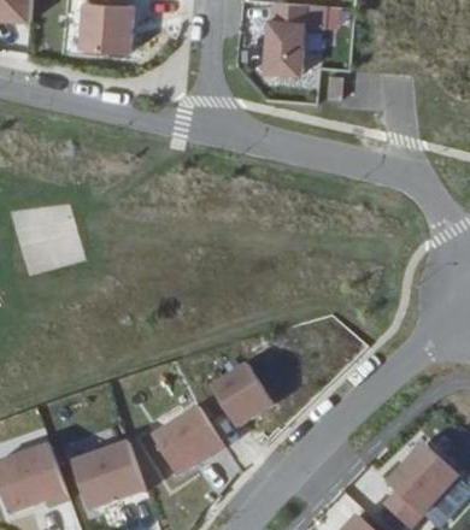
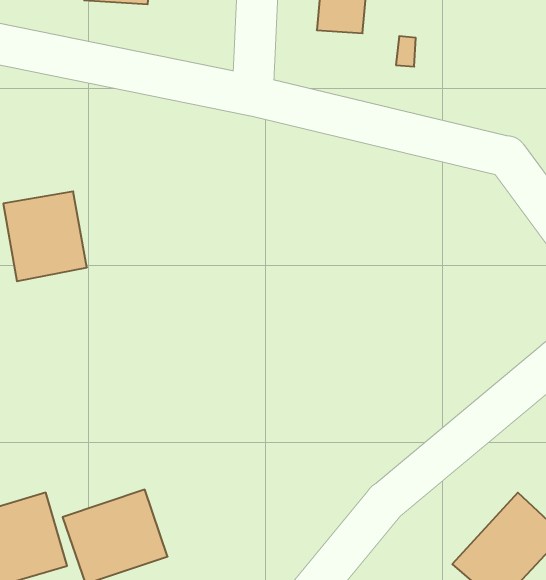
building: [205,359,274,429] -> none
building: [143,399,225,478] -> none

